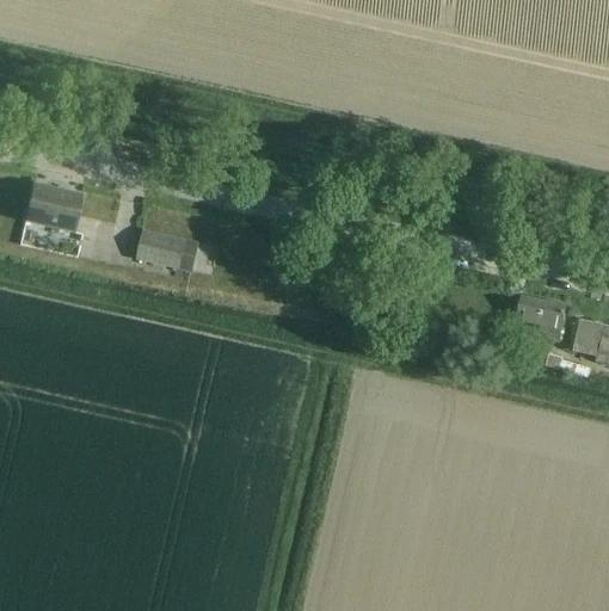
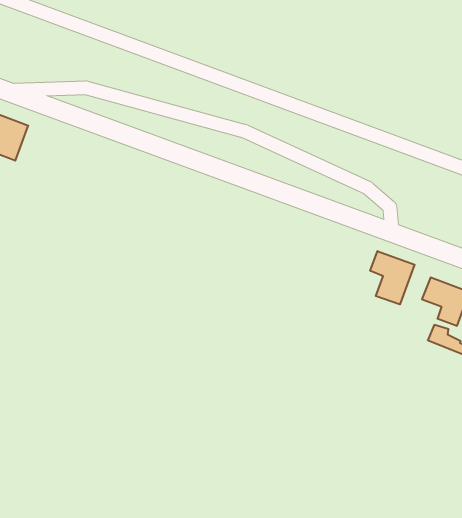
building: [137,230,196,270] -> none
building: none -> [370,251,415,304]

